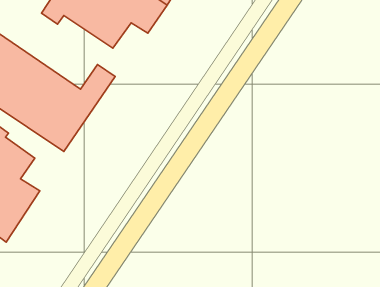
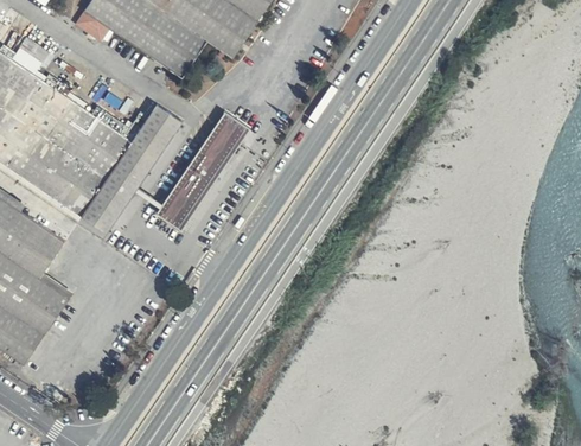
building: none -> [157,115,247,225]

